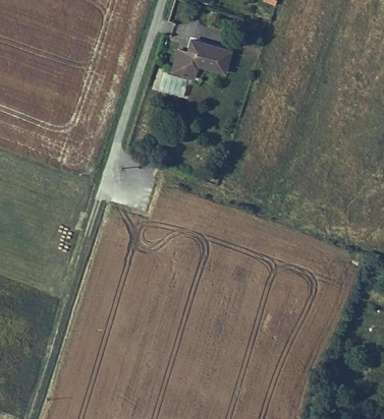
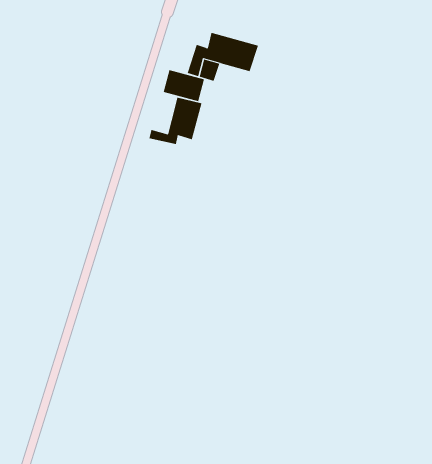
building: none -> [149,97,202,145]

